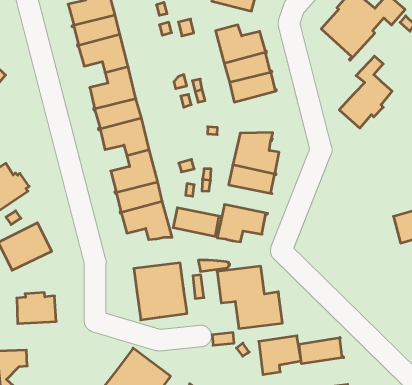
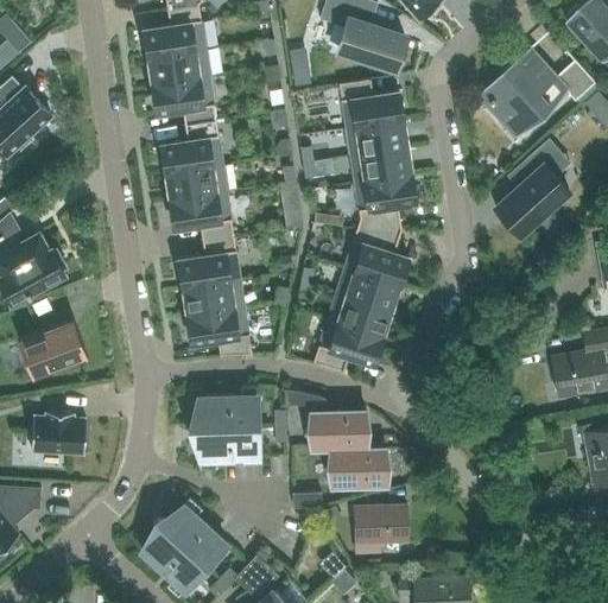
building: none -> [354,174,416,230]
building: [173,208,221,236] -> [327,294,392,338]
building: [299,337,344,364] -> none

